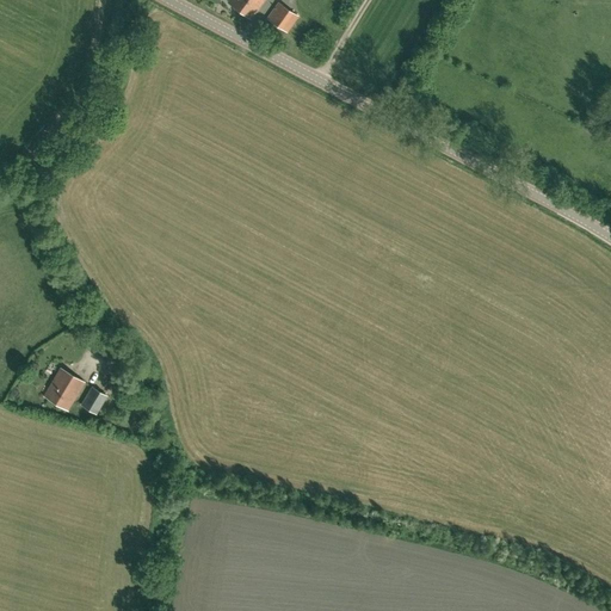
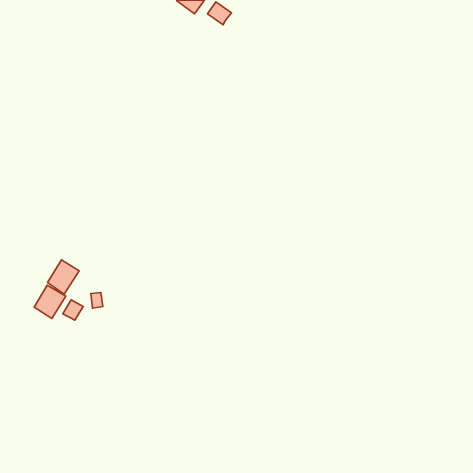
building: none -> [48,260,79,294]

